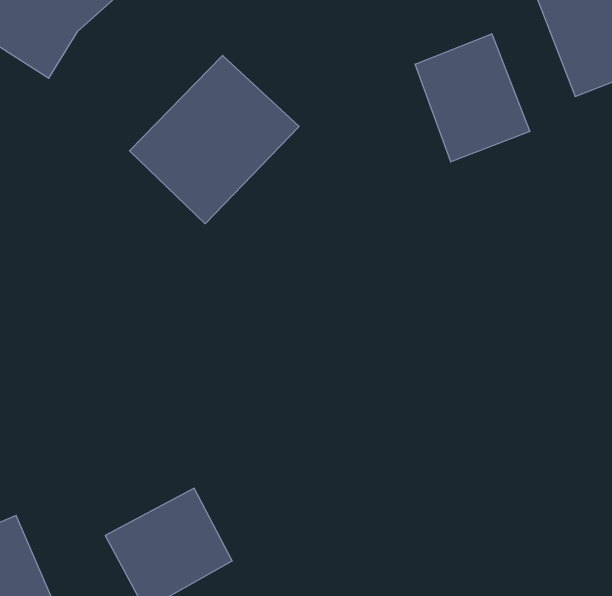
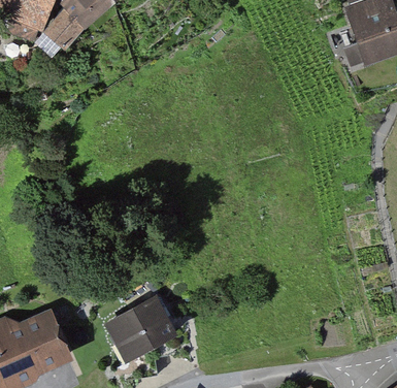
building: [415,34,530,162] -> none
building: [129,55,299,224] -> none

